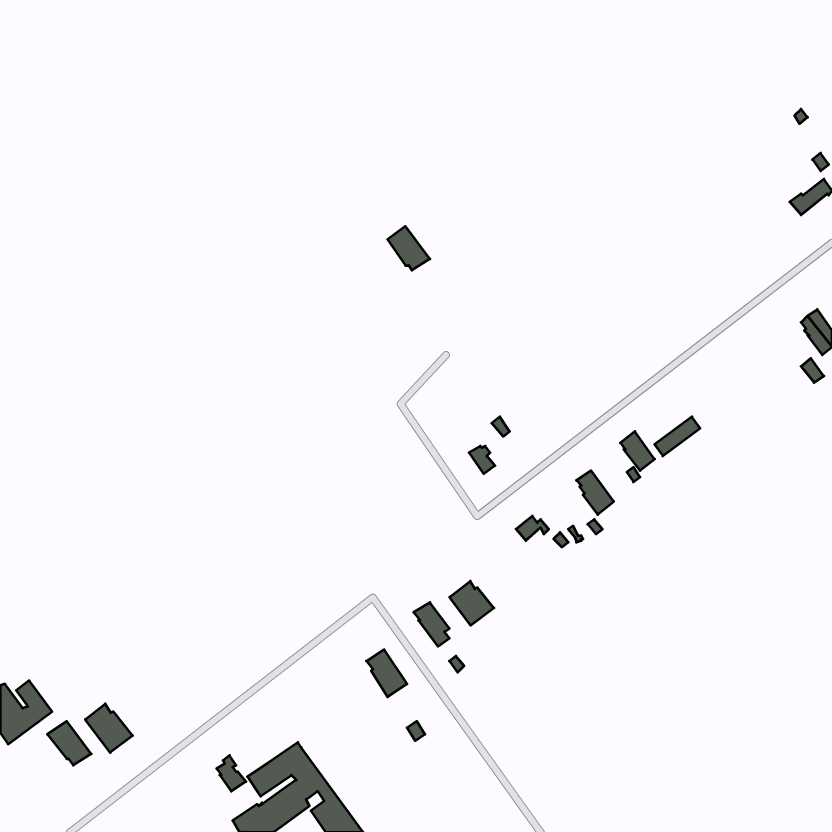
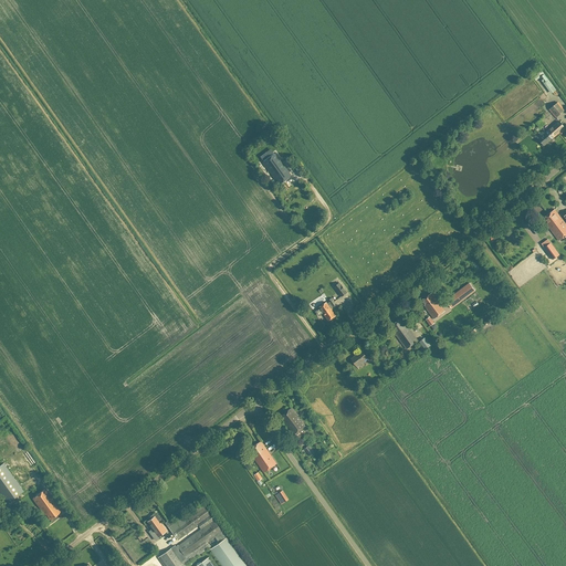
building: [450,581,494,625] -> none
building: [85,704,133,753] -> none

